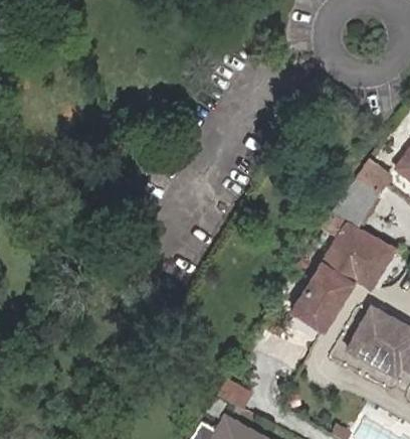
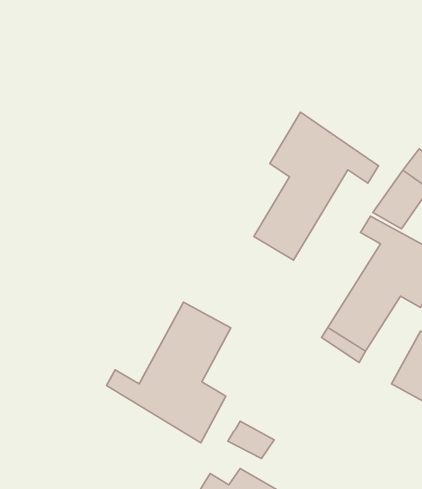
building: none -> [254,112,378,260]
building: none -> [107,302,231,443]

